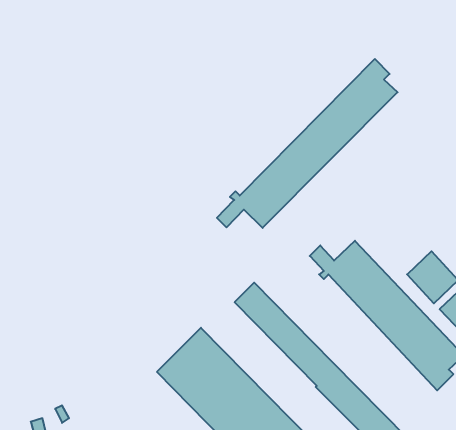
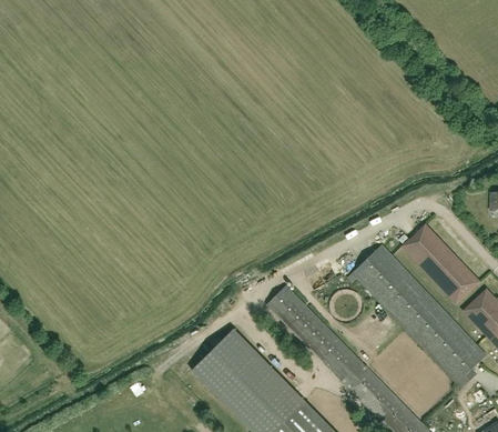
building: [217,59,398,228] -> none
building: none -> [402,223,455,277]

